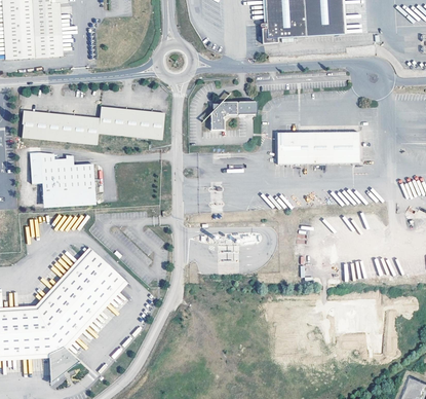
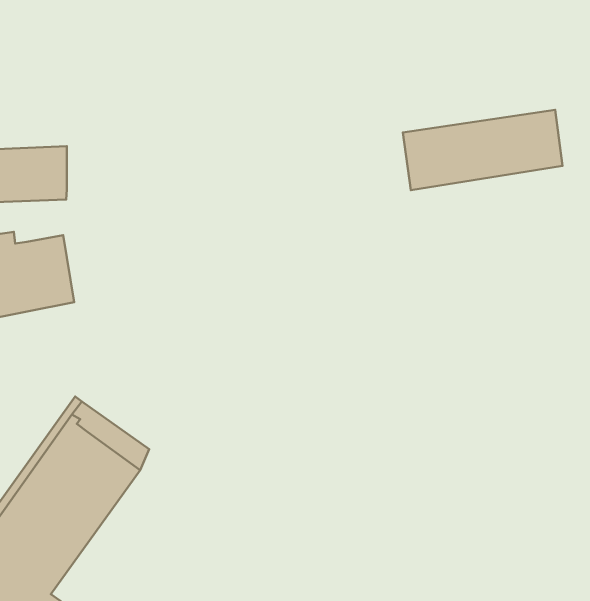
building: [211,102,249,131] -> none
building: [99,105,165,138] -> none

